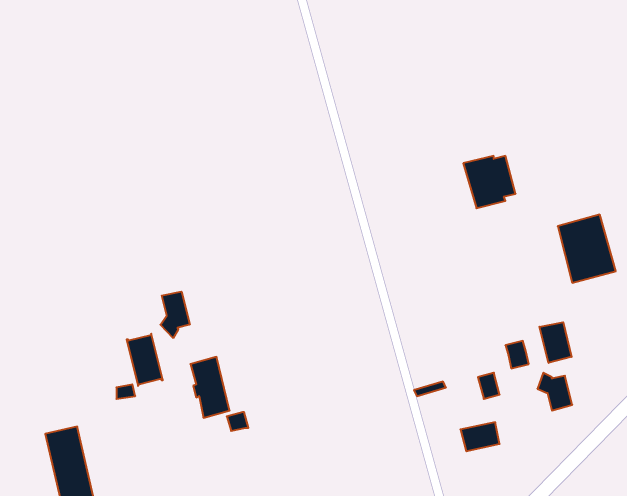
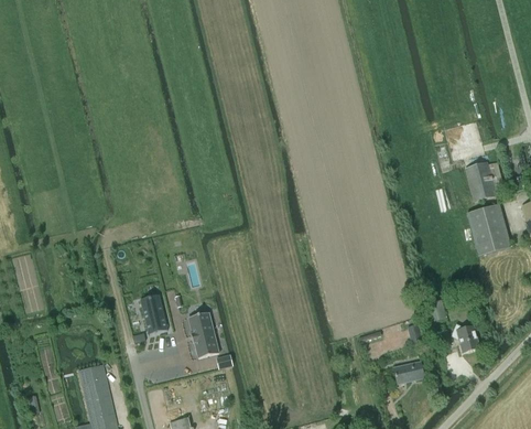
building: [463,156,516,208] -> [465,162,505,202]
building: [160,292,190,338] -> none
building: [539,322,572,363] -> none

